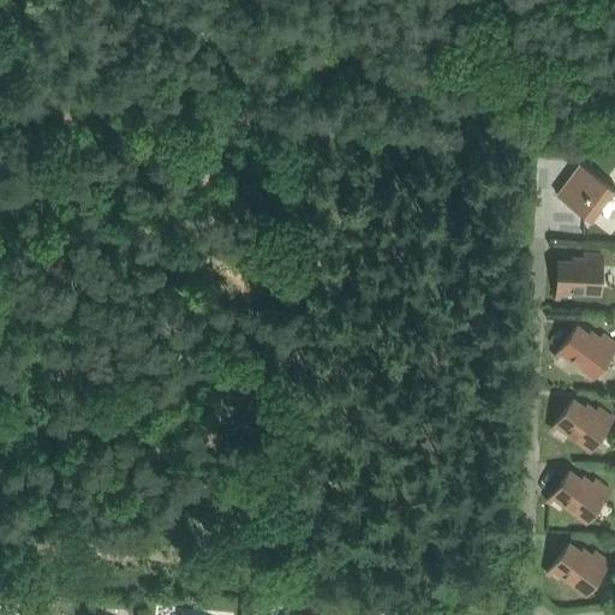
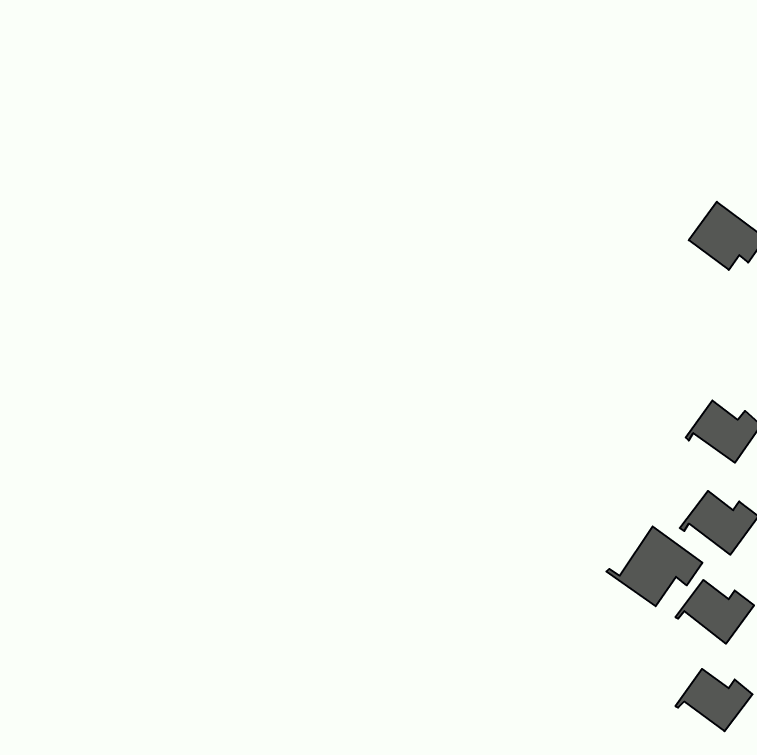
building: [557,255,604,299] -> none
building: none -> [606,526,702,606]

